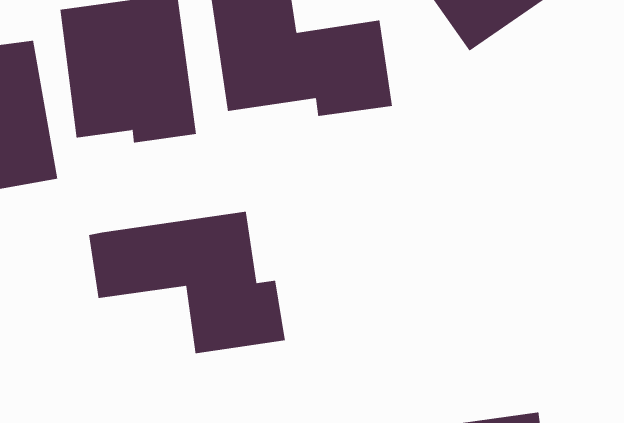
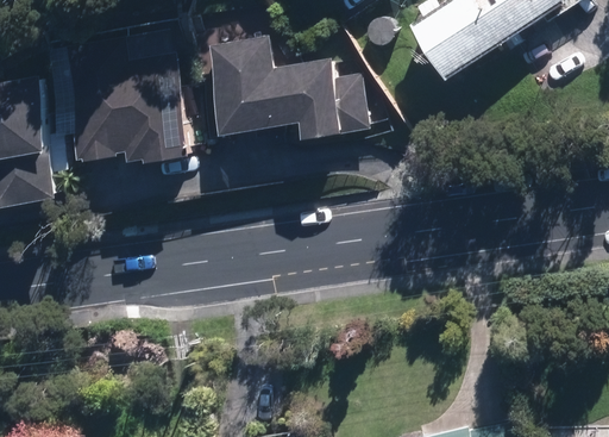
building: [89,211,285,354] -> none

